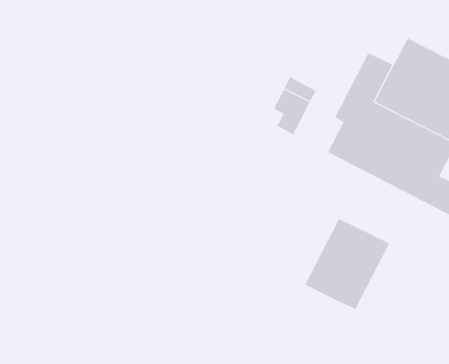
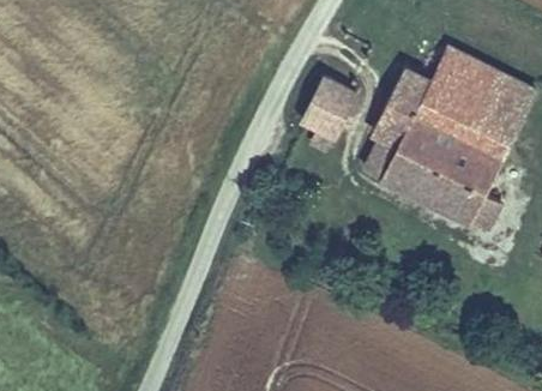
building: [305,218,390,310] -> none

